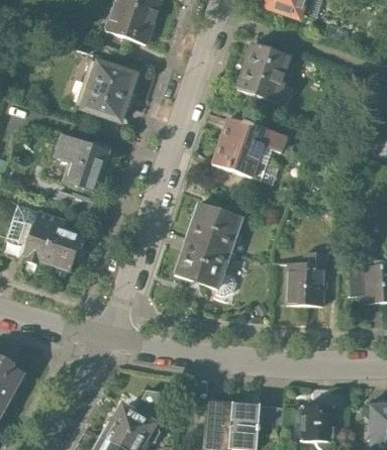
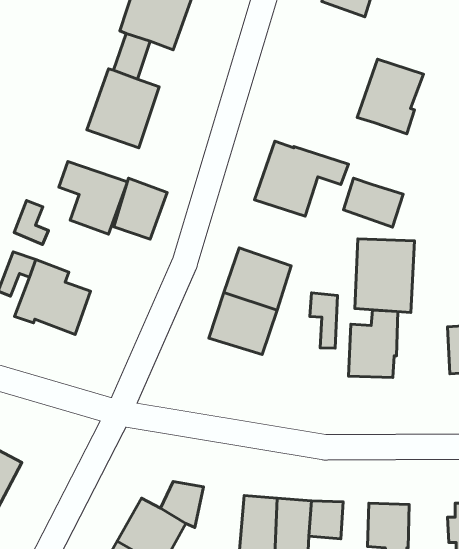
building: [236,42,289,102] -> [357,59,423,134]
building: none -> [114,178,167,239]
building: none -> [344,178,403,227]
building: none -> [14,201,48,244]
building: none -> [355,239,414,312]
building: none -> [310,293,338,348]

